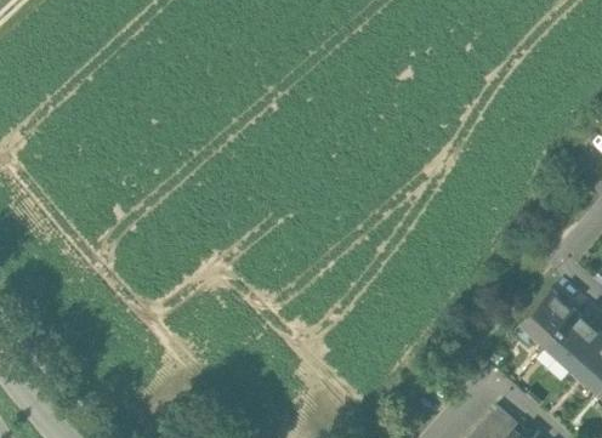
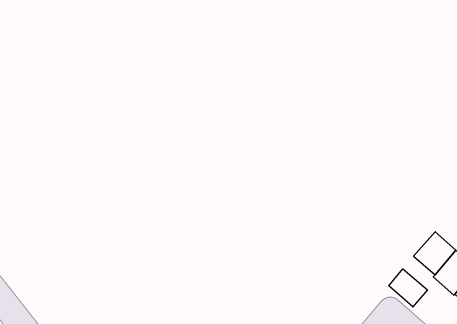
building: none -> [389,269,427,307]

